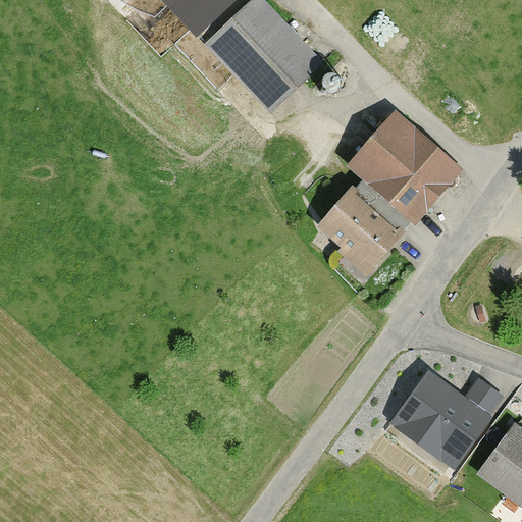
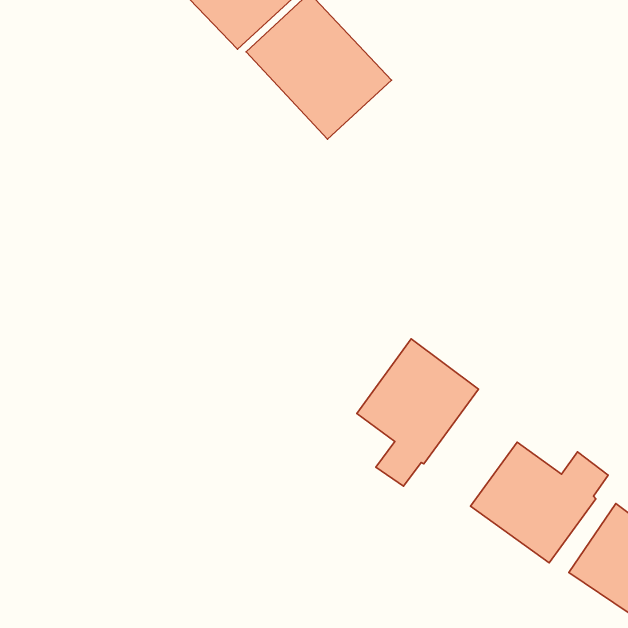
building: [318,109,461,271] -> none
building: none -> [357,339,478,486]

